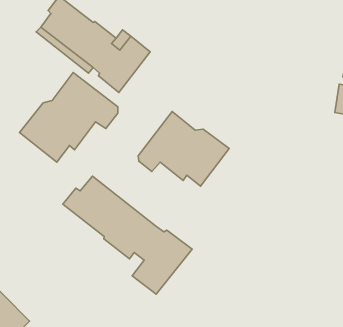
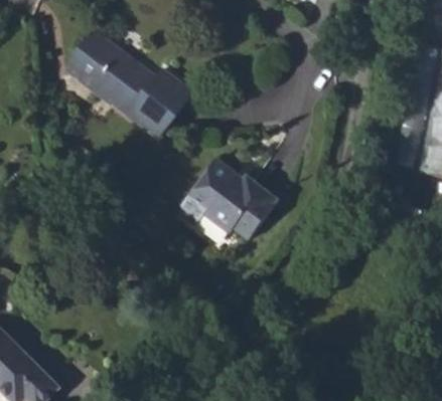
building: [19,73,118,162] -> none
building: [63,176,192,294] -> none

